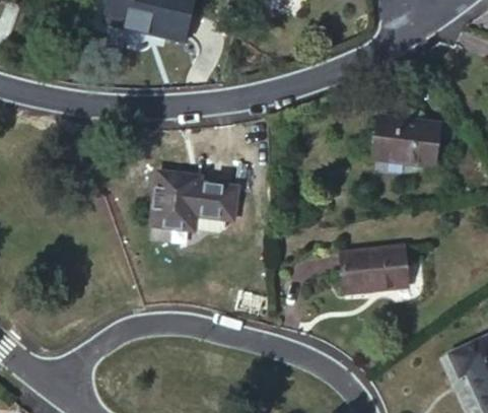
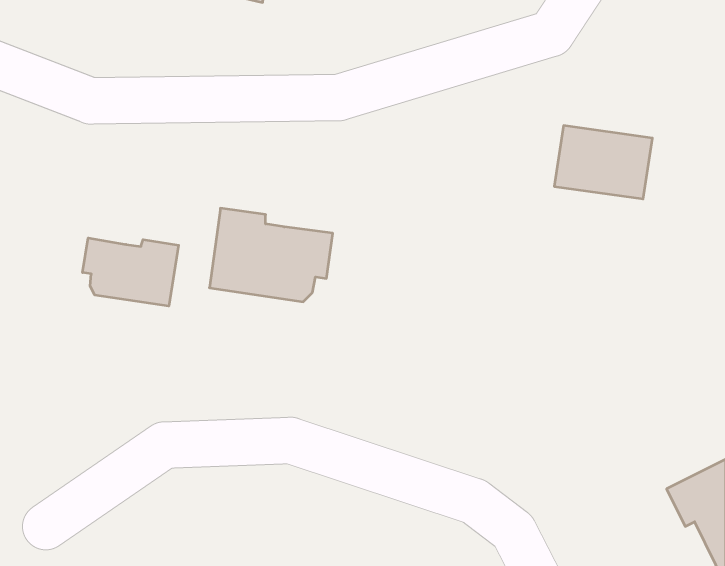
building: none -> [83,238,179,306]
building: [340,246,408,293] -> none

